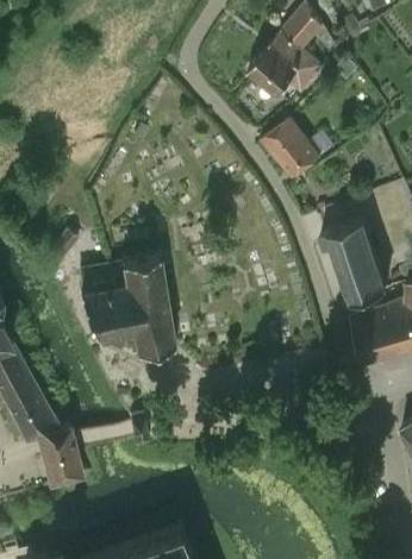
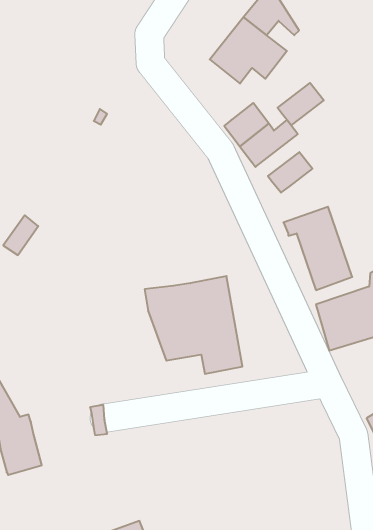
building: none -> [278,83,324,125]
building: none -> [268,152,312,193]
building: [76,256,173,352] -> [145,276,242,374]

